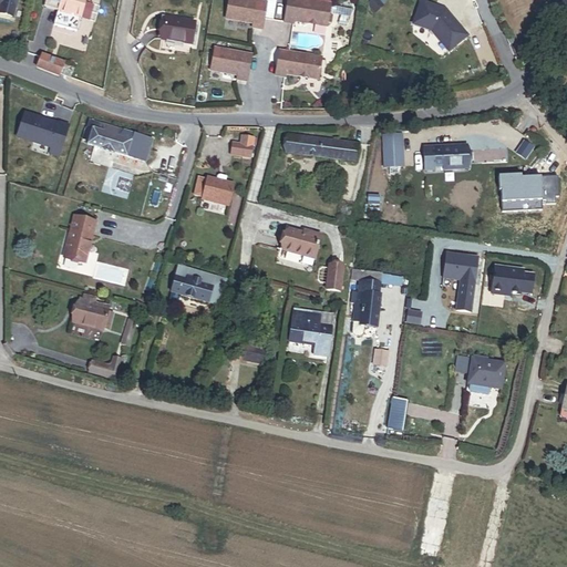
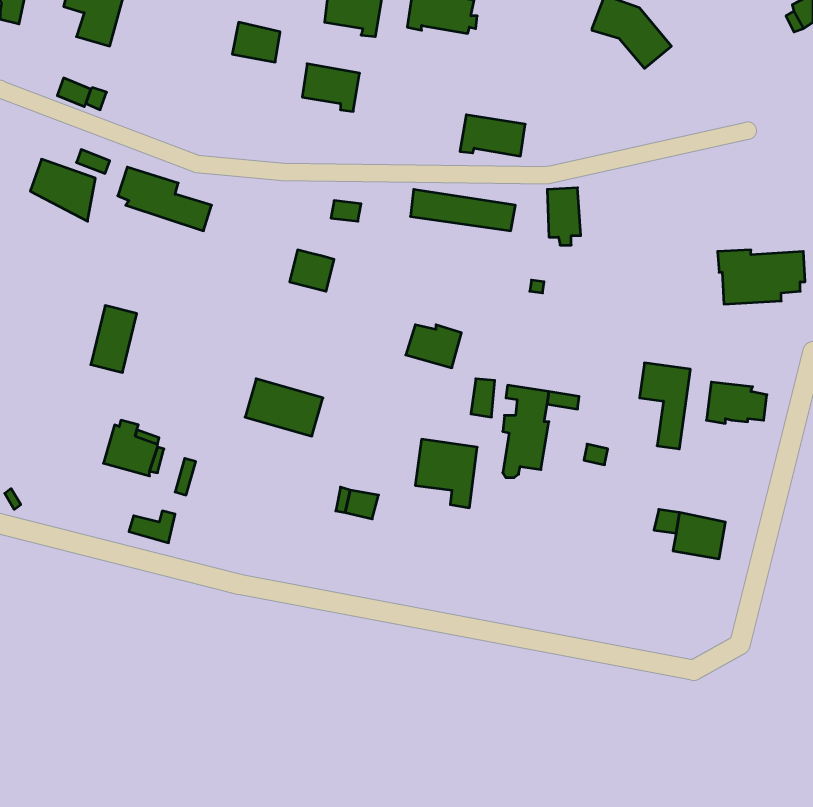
building: [275,48,320,76] -> [460,115,525,156]
building: [421,144,467,169] -> none
building: [388,398,408,430] -> none

